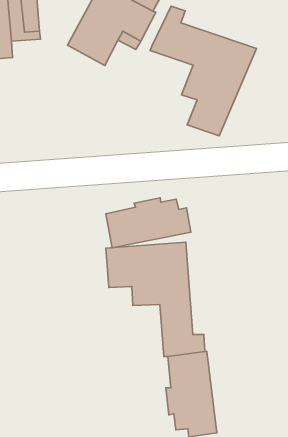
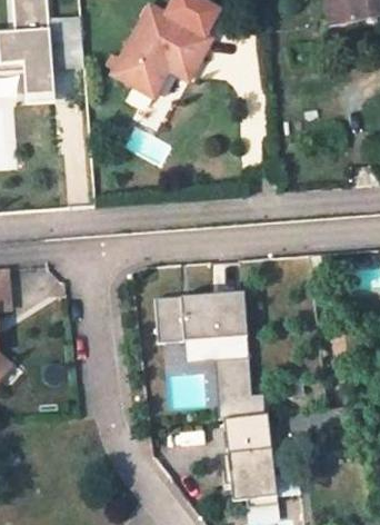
building: [150,6,256,136] -> none
building: [106,198,191,248] -> none

